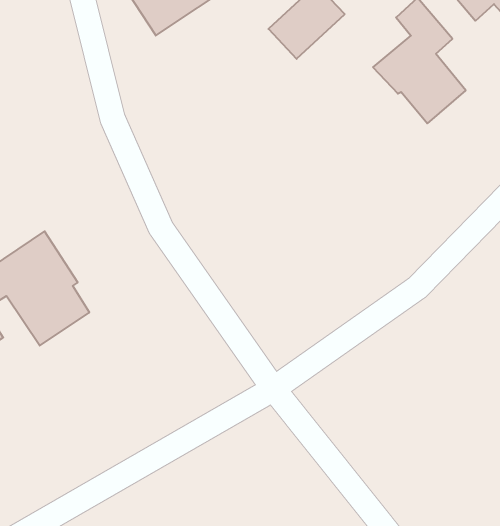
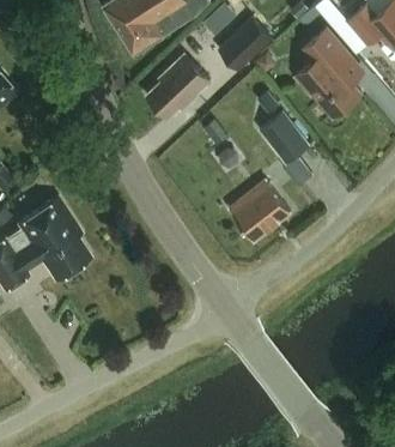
building: none -> [147,54,211,116]
building: none -> [259,111,309,163]
building: none -> [227,180,290,241]

